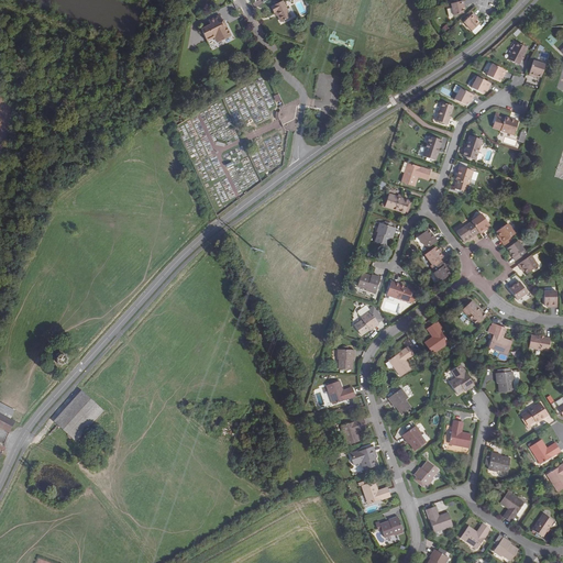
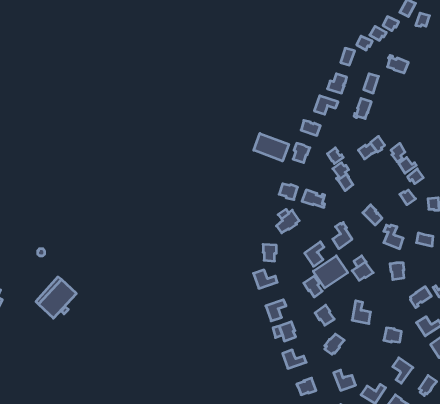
building: none -> [254,133,289,161]
building: none -> [313,256,348,288]

